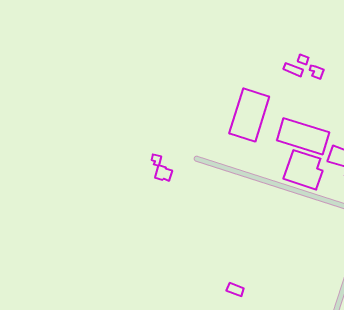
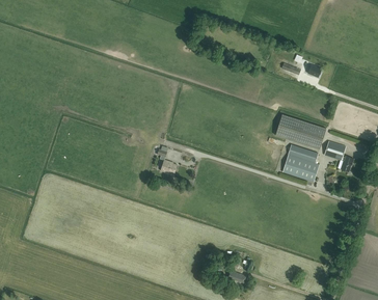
building: [229,88,269,142] -> none

